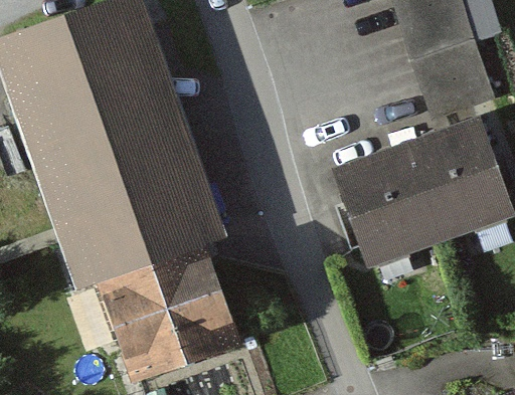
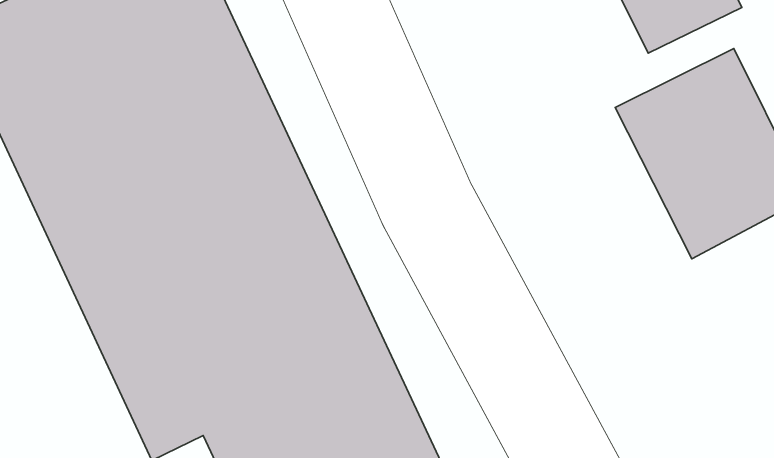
building: [325,146,435,270] -> none

